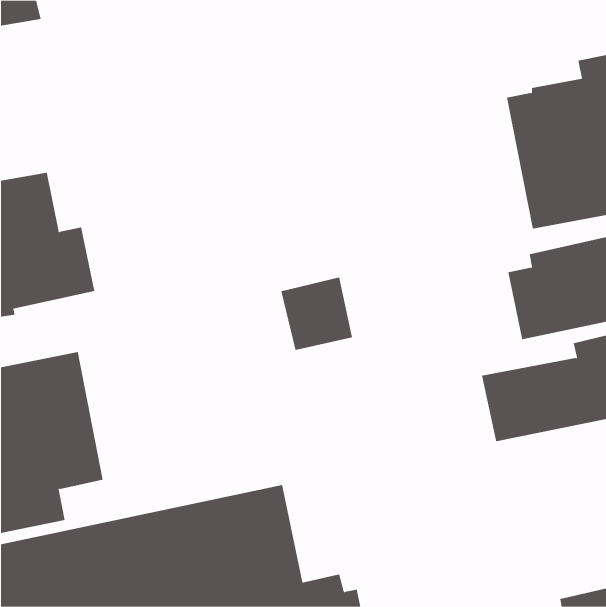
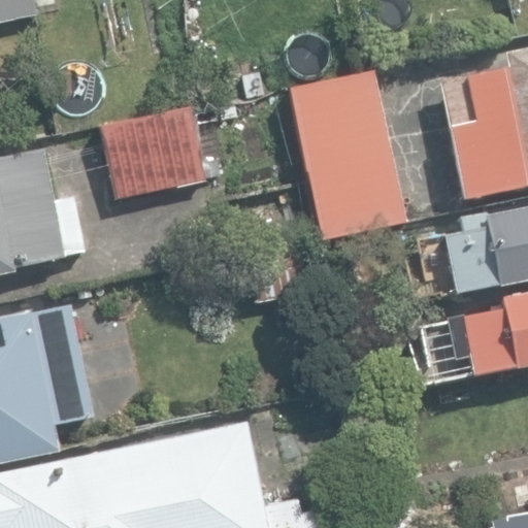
building: none -> [289,71,404,240]
building: none -> [101,107,206,201]

